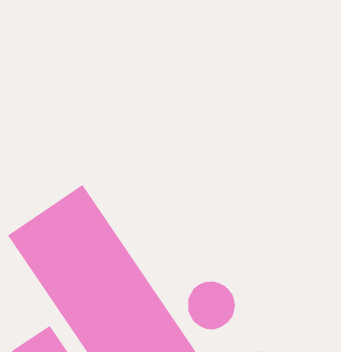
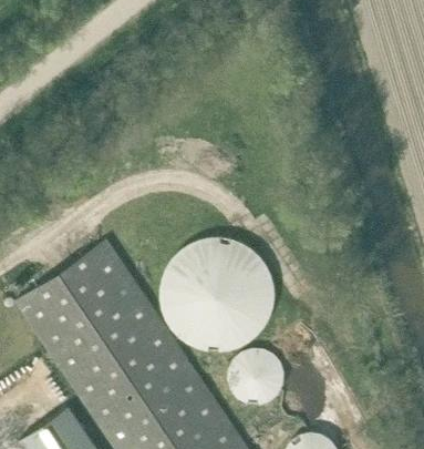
building: none -> [158,238,271,350]

